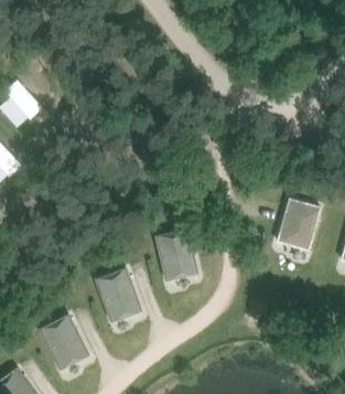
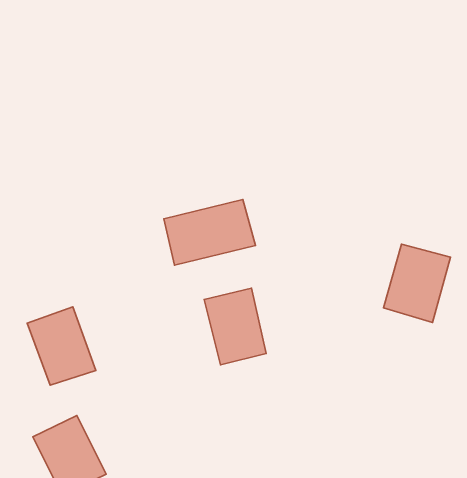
building: none -> [164,199,256,265]
building: [95,267,141,320] -> [27,307,96,385]

